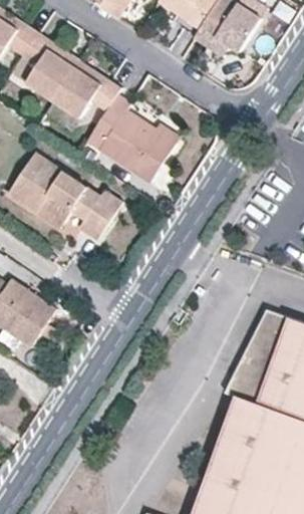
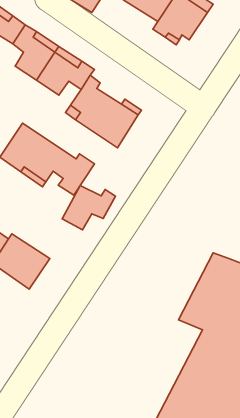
building: none -> [62,185,115,230]

